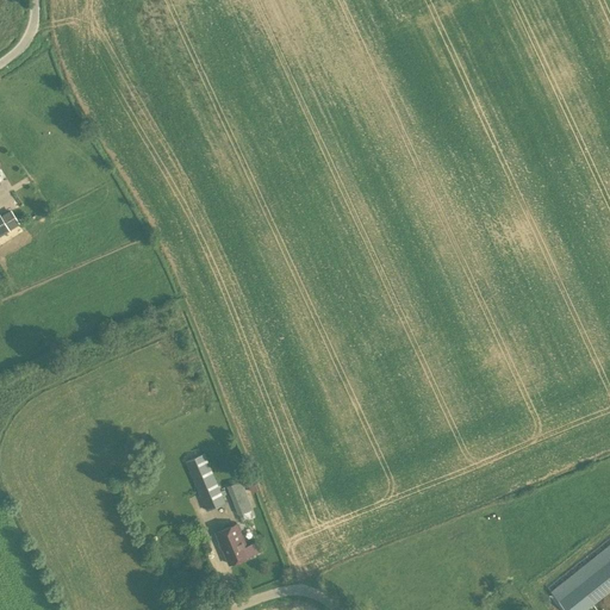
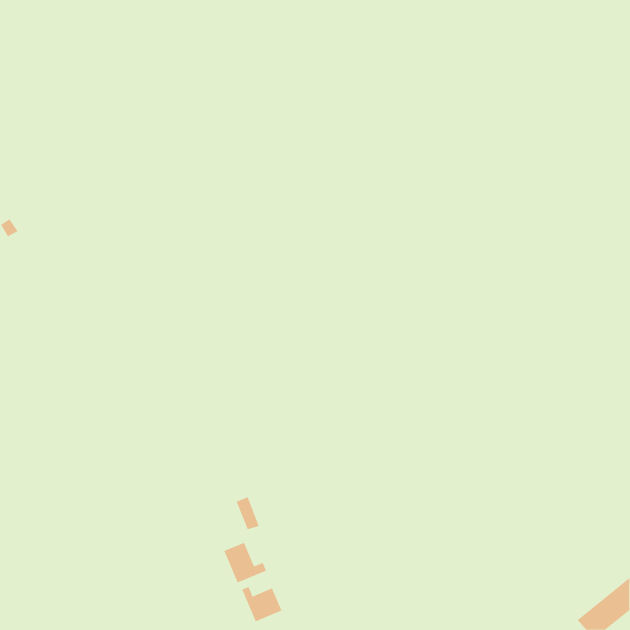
building: [185,452,224,510] -> none
building: none -> [242,586,282,622]

